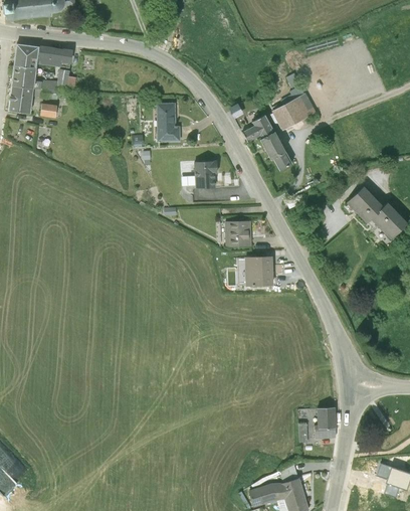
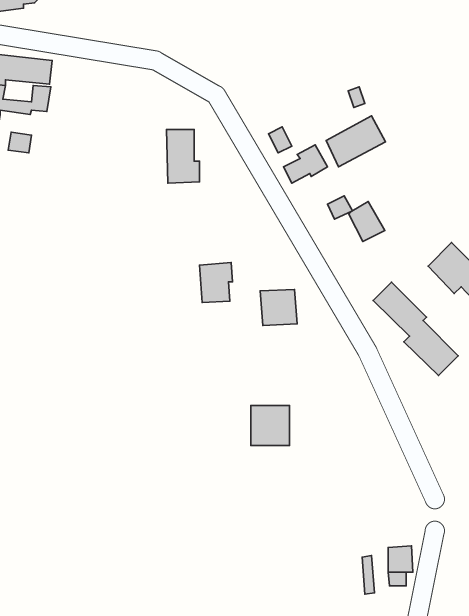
building: [259,130,285,159] -> [349,202,385,242]
building: [193,159,217,188] -> [200,263,233,303]
building: none -> [373,282,458,375]
building: [244,256,272,285] -> [251,405,290,445]

